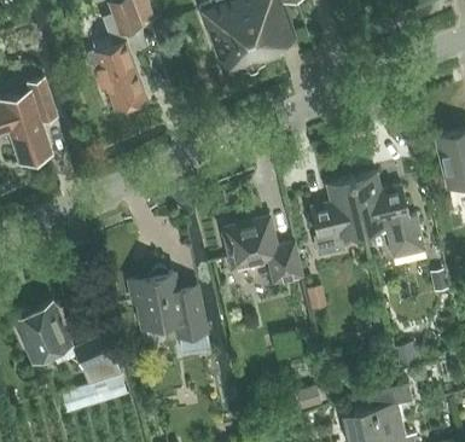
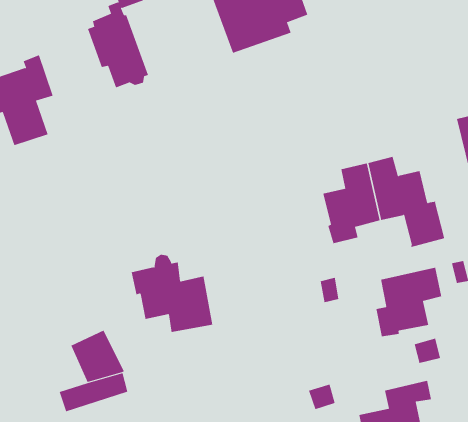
building: [223,217,302,281] -> none
building: none -> [376,267,442,337]
building: [13,302,71,362] -> none

